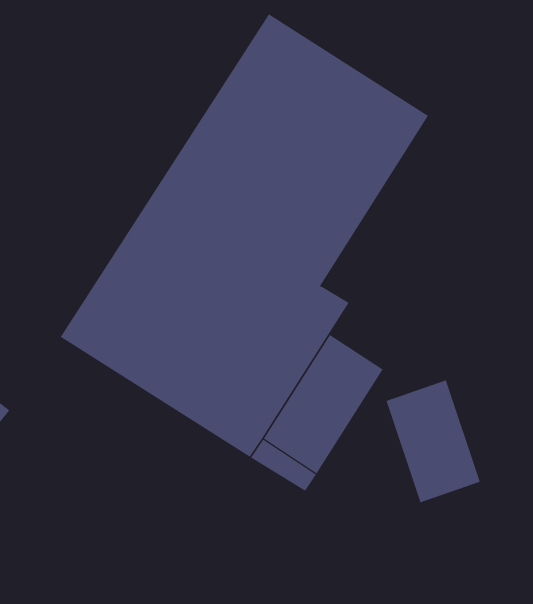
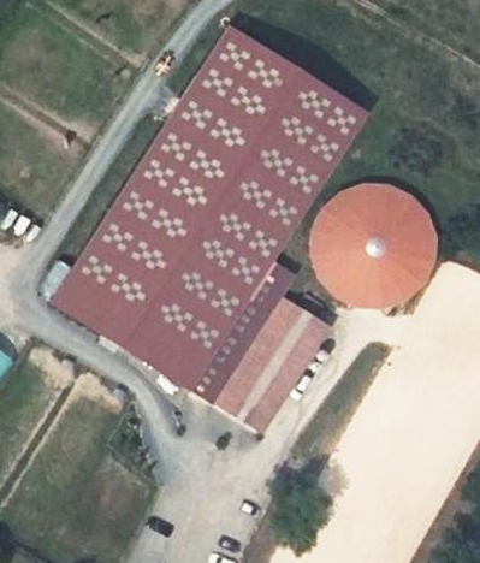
building: none -> [313,184,434,304]
building: [386,379,480,503] -> none

